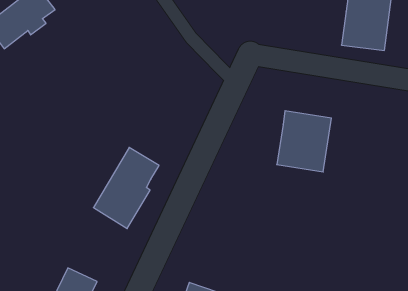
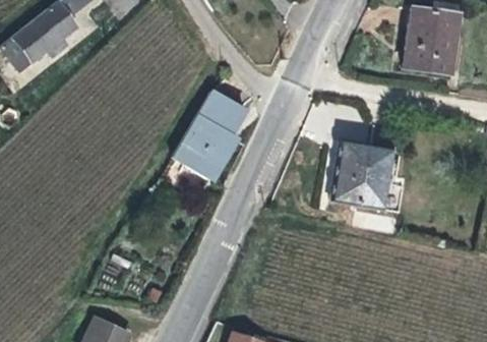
building: [93,147,159,229] -> [173,90,246,180]

